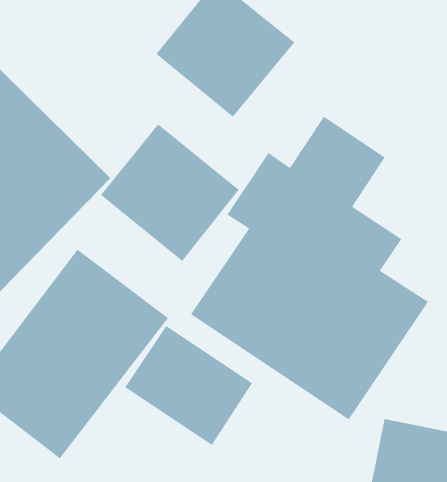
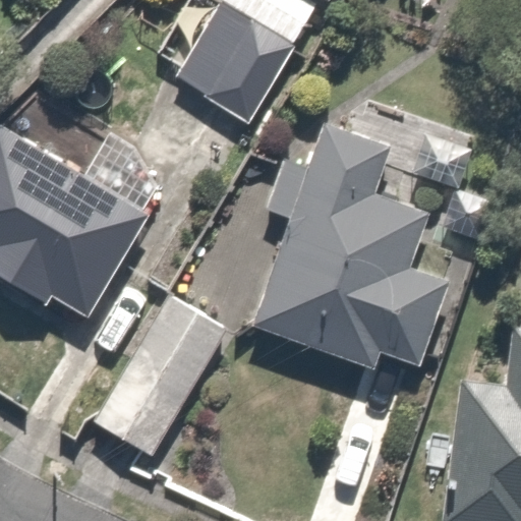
building: [100,124,240,262] -> none
building: [124,325,253,446] -> none

